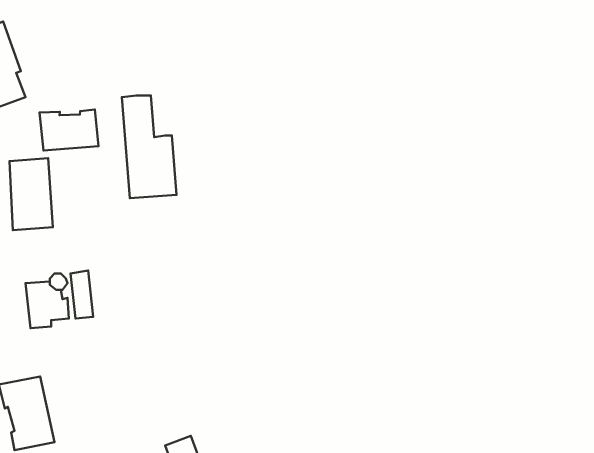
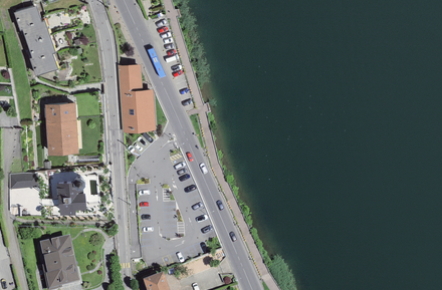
building: [40,109,98,151] -> none

